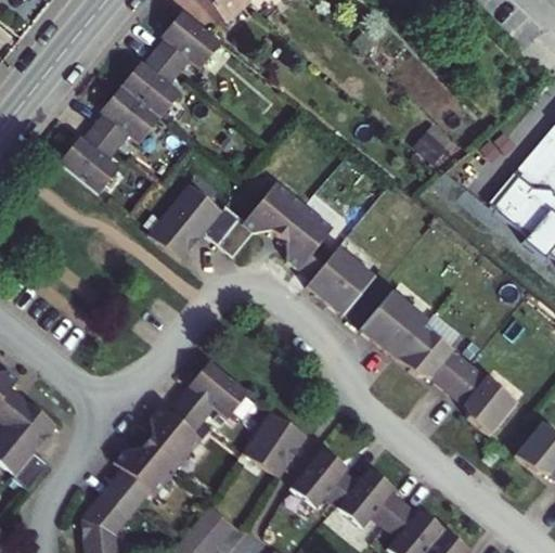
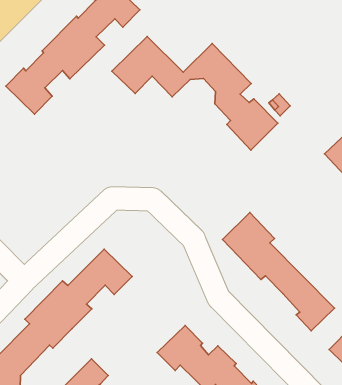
building: [151,182,374,316] -> [112,37,278,150]
building: [245,410,308,475] -> none

